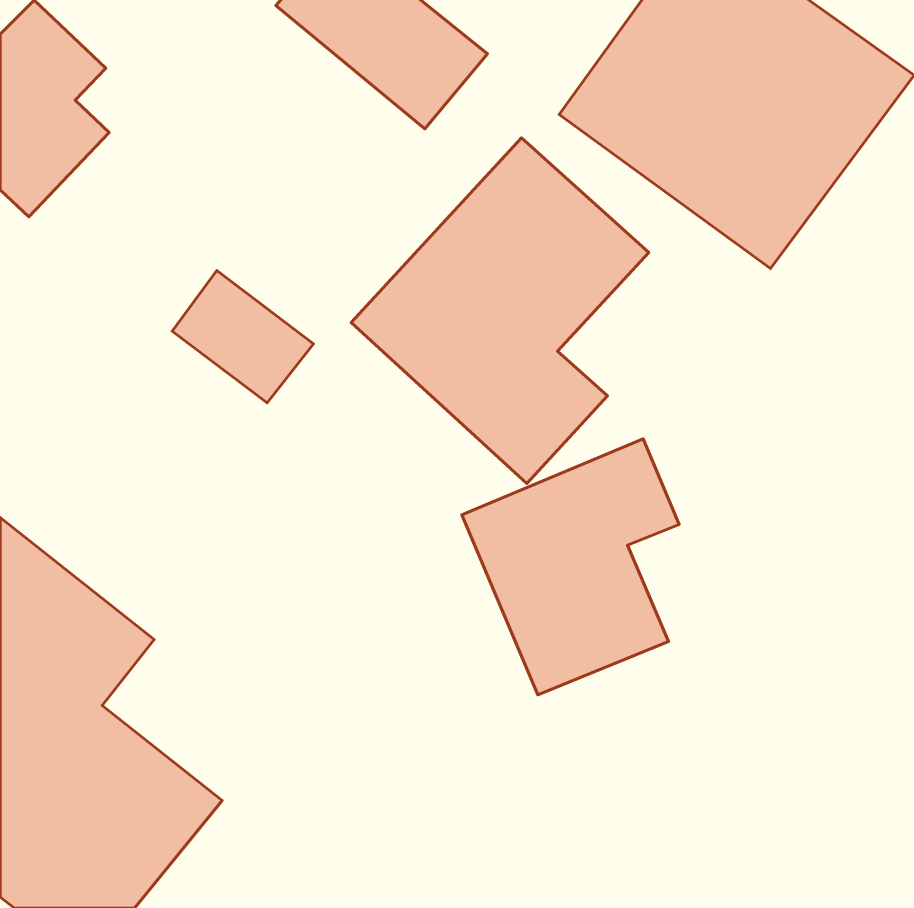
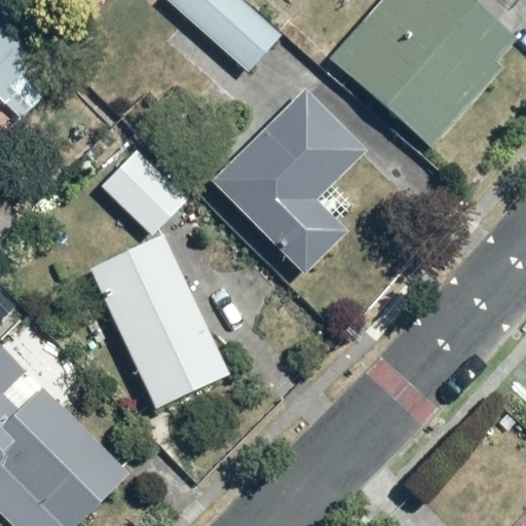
building: none -> [86,233,227,410]
building: [462,439,679,695] -> none

